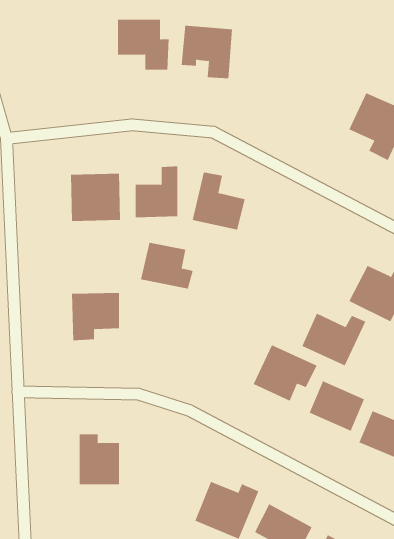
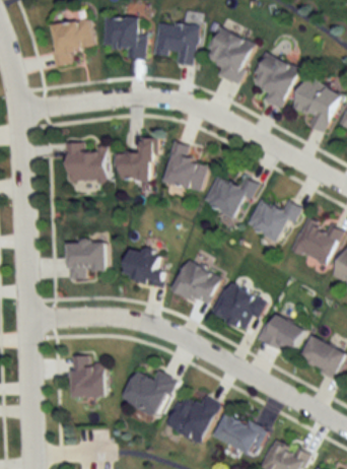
building: none -> [49,19,91,66]
building: none -> [204,27,254,84]
building: none -> [251,53,299,109]
building: none -> [204,177,255,218]
building: [140,242,194,289] -> [121,249,164,287]
building: [302,313,366,366] -> [247,199,299,243]
building: none -> [170,259,220,308]
building: none -> [121,372,174,417]

